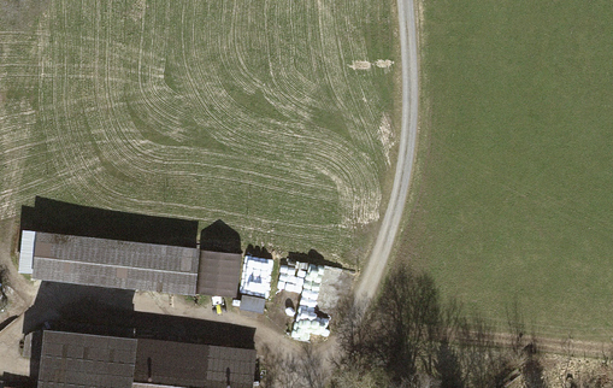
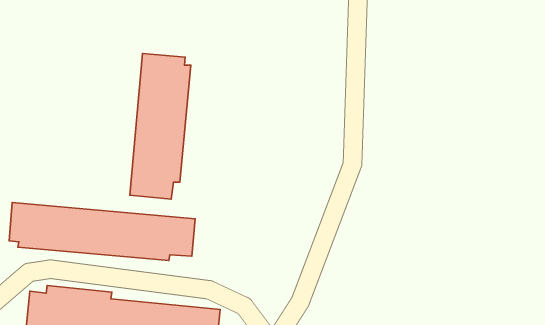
building: none -> [130,53,191,199]

